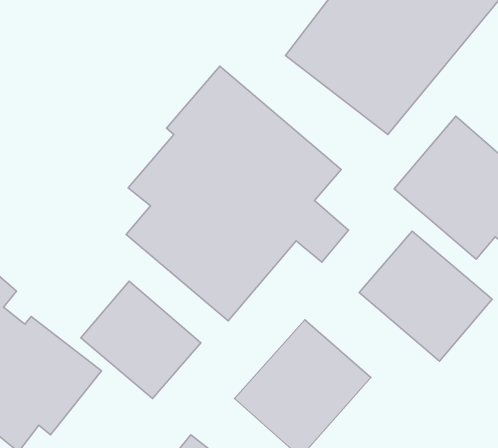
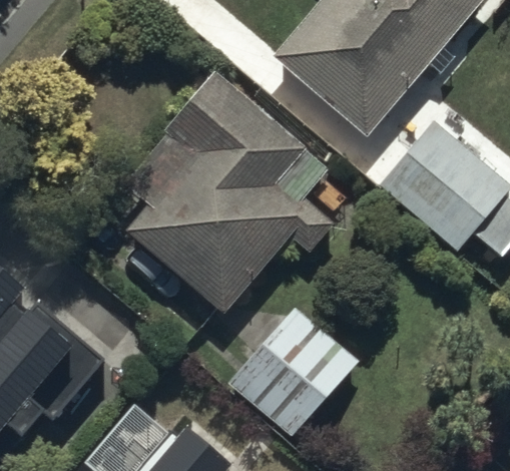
building: [359,231,492,361] -> none
building: [81,281,201,399] -> none

